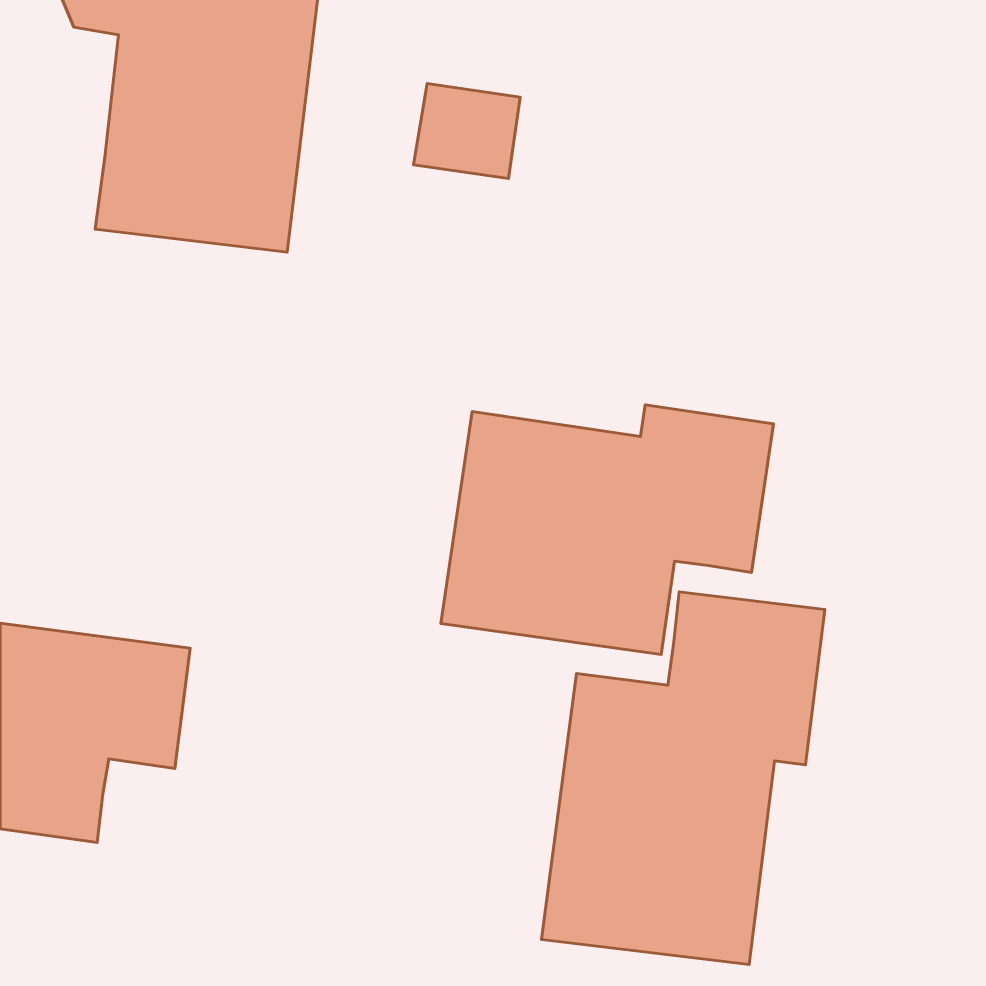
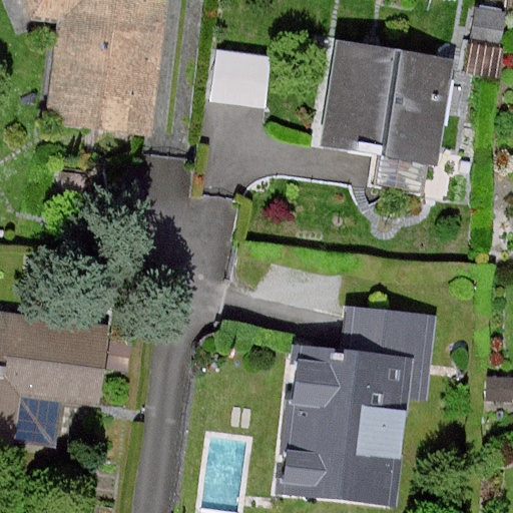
building: none -> [335,43,448,157]
building: [441,405,774,654] -> none

